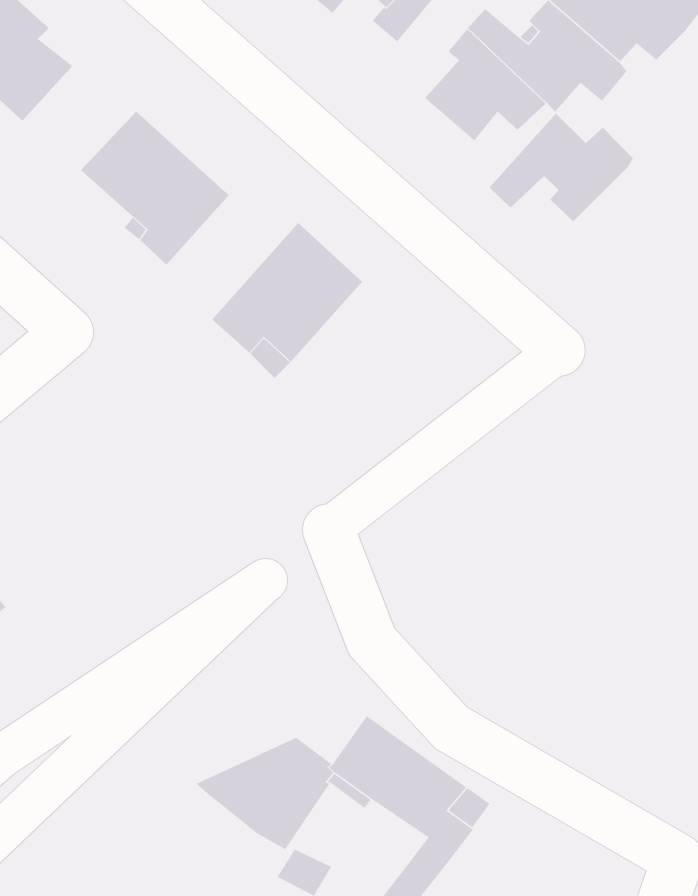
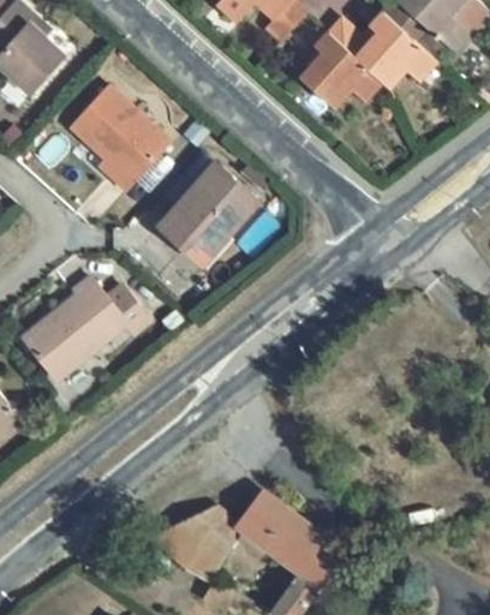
building: [489,113,634,222] -> none
building: none -> [24,276,150,380]

